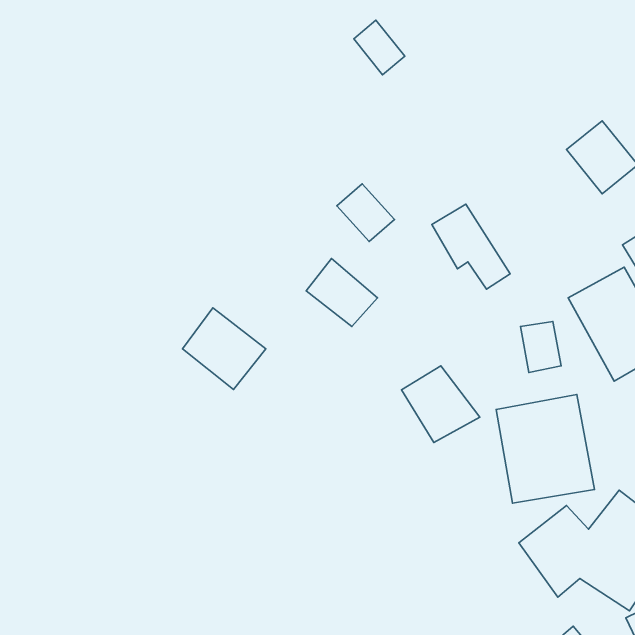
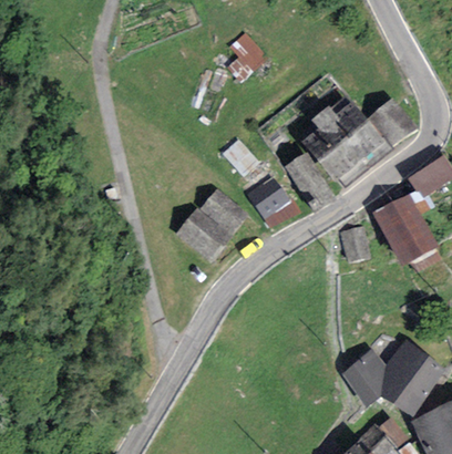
building: none -> [305,102,390,187]
building: [182,308,266,390] -> [177,205,232,258]
building: [402,366,480,443] -> [248,177,299,227]
building: [496,394,594,503] -> none

